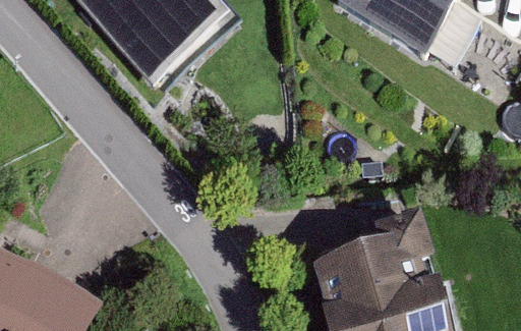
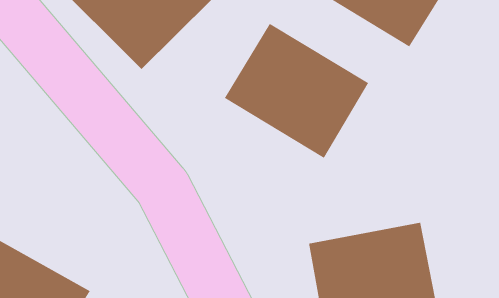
building: none -> [224,23,369,159]

